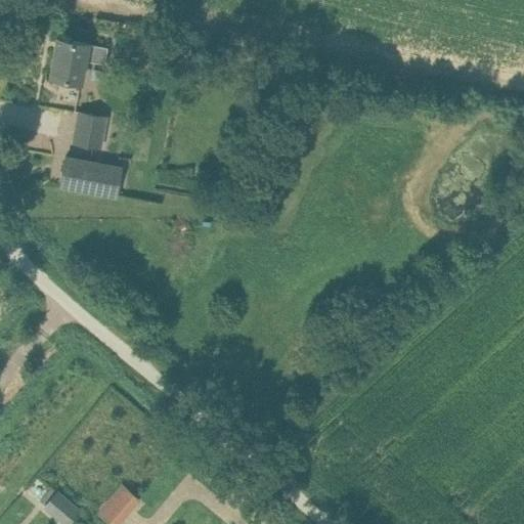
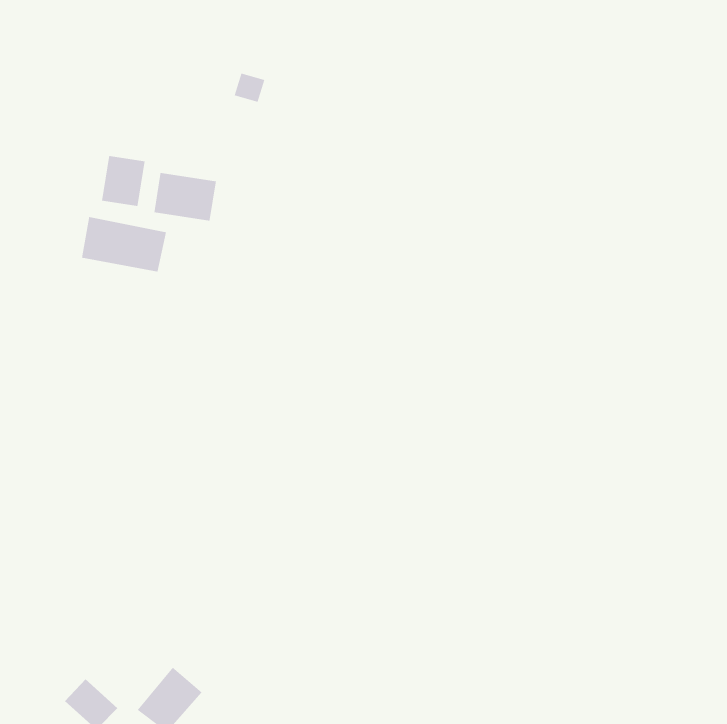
building: [49,41,105,85] -> none
building: none -> [154,172,216,222]

